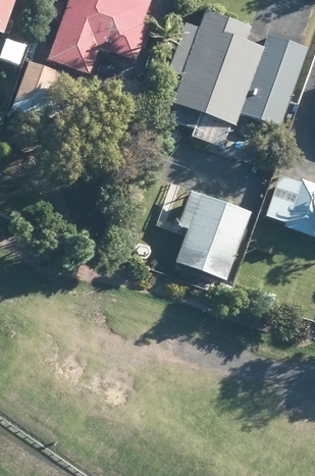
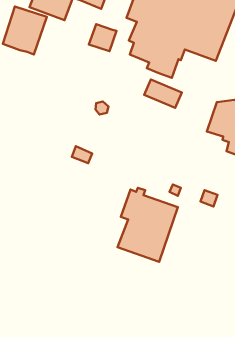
building: [175,187,251,279] -> [118,188,178,262]

